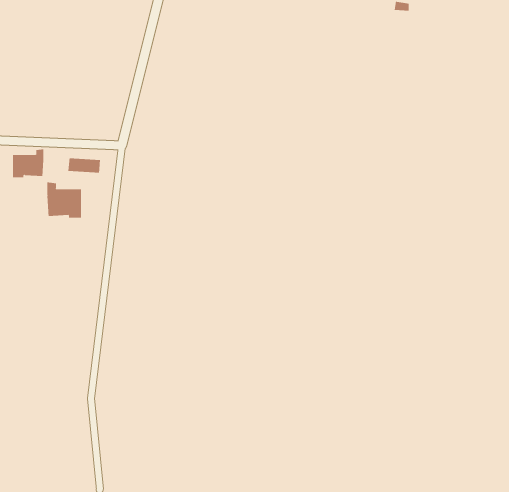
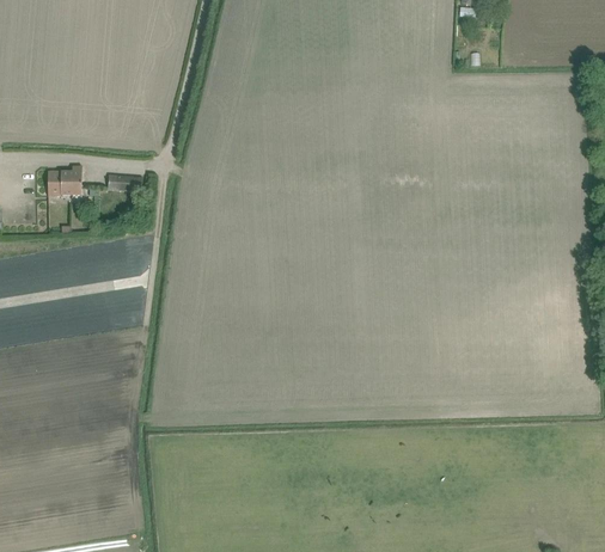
building: [47,181,82,218] -> none

